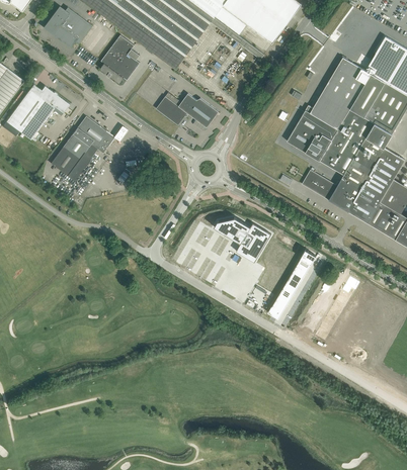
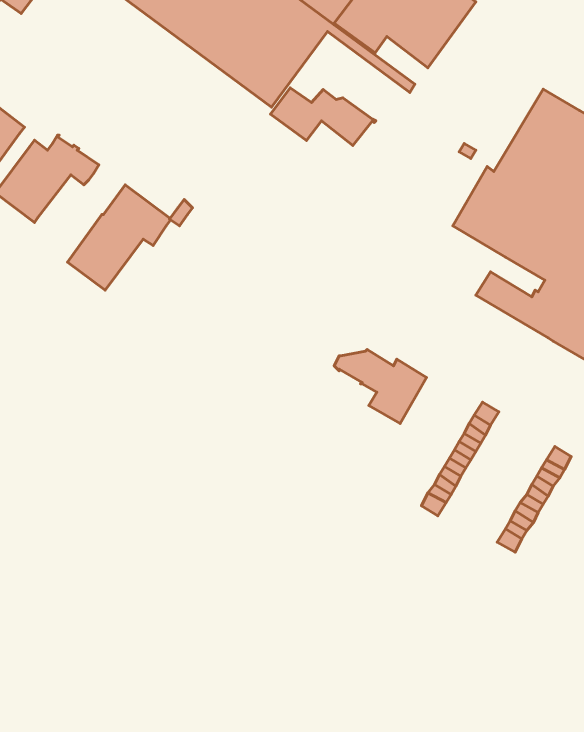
building: [48,7,92,45] -> none
building: [100,34,140,83] -> none
building: [156,92,221,127] -> [270,88,376,145]

